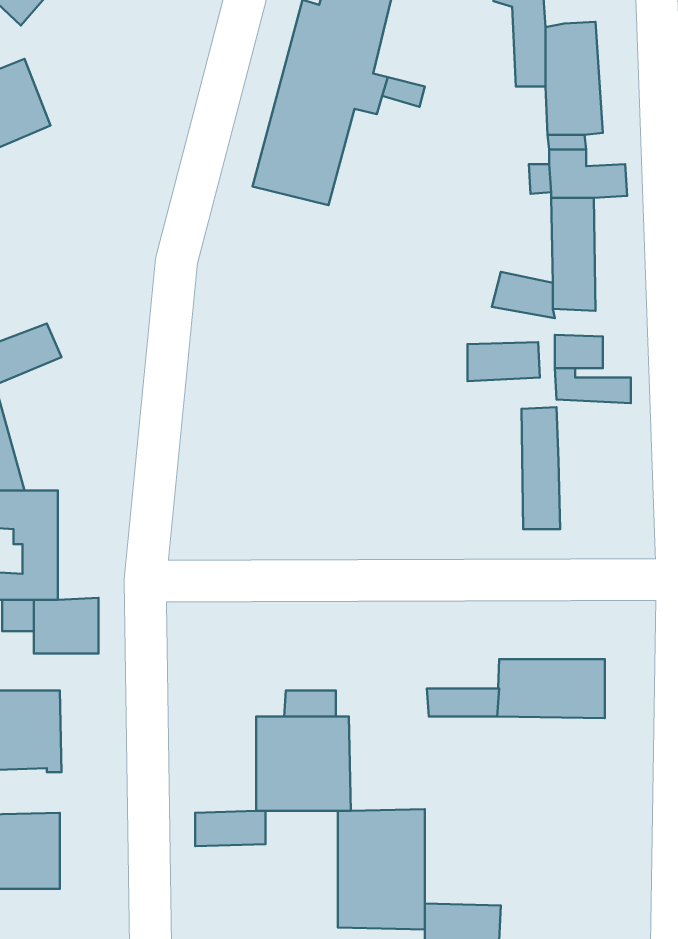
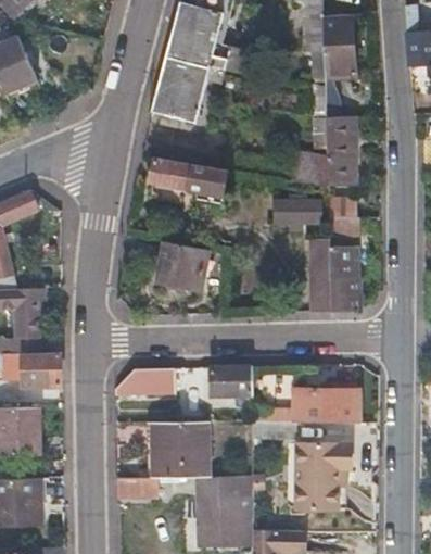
building: none -> [153,160,228,203]
building: none -> [145,240,207,291]
building: none -> [331,272,362,312]
building: none -> [211,366,252,394]
building: none -> [116,367,203,395]
building: none -> [295,444,345,509]

